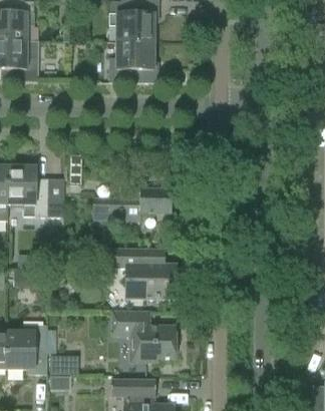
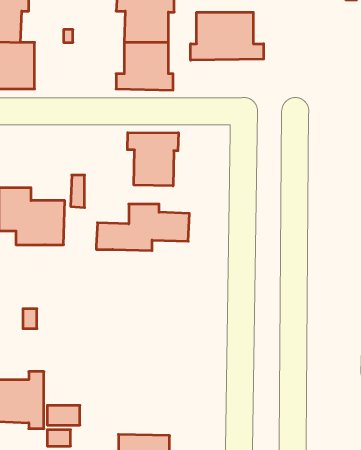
building: none -> [191,12,264,60]
building: none -> [127,133,178,186]
building: [104,247,177,298] -> none
building: [112,311,176,363] -> none

